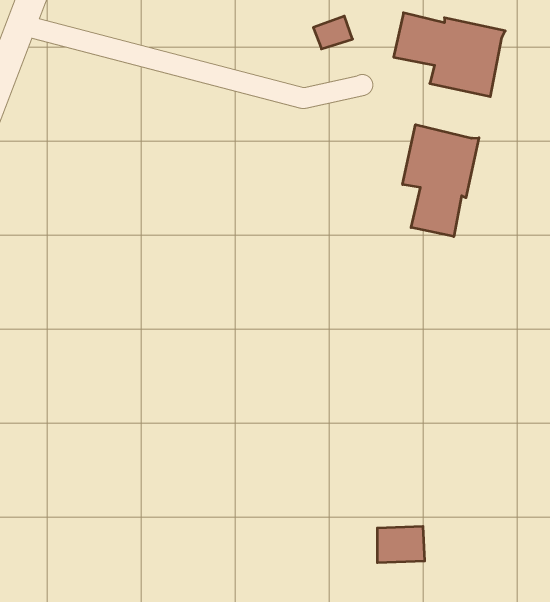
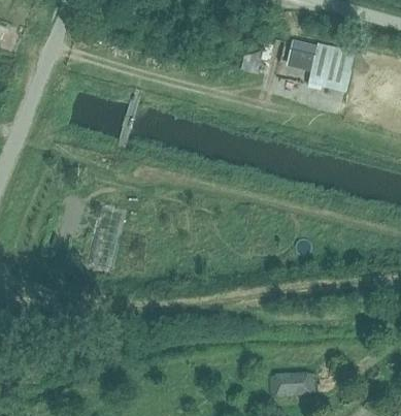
building: [403,125,479,237] -> none

